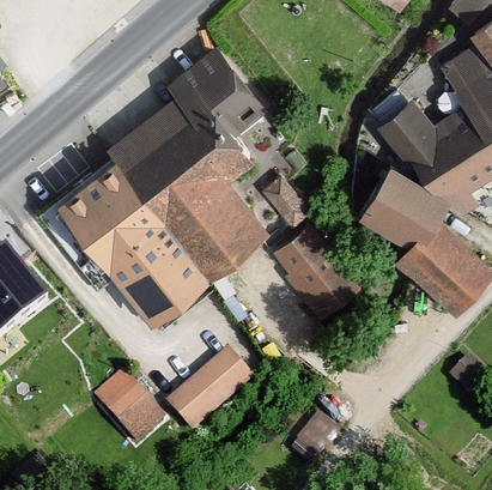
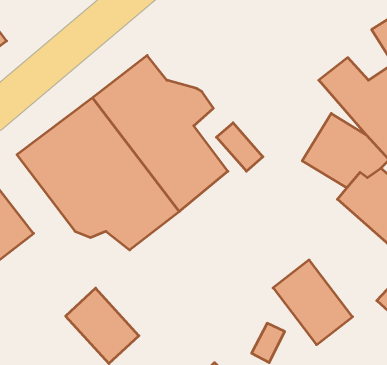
building: [170,50,268,137] -> none
building: [267,224,359,322] -> [273,260,353,345]
building: [169,340,259,428] -> none

